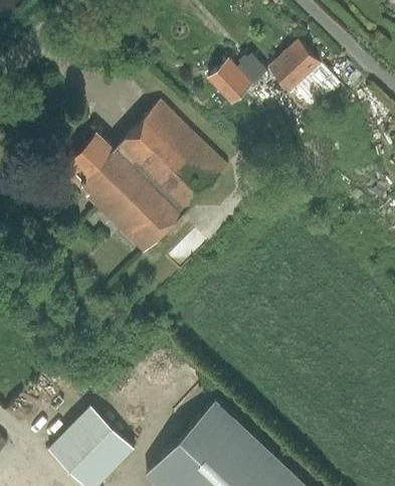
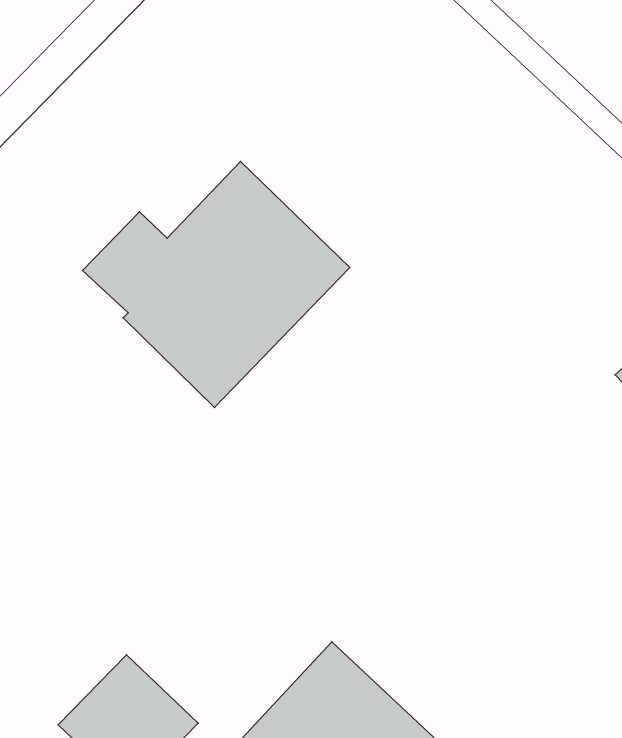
building: [269,39,330,101] -> none
building: [207,56,265,105] -> none

